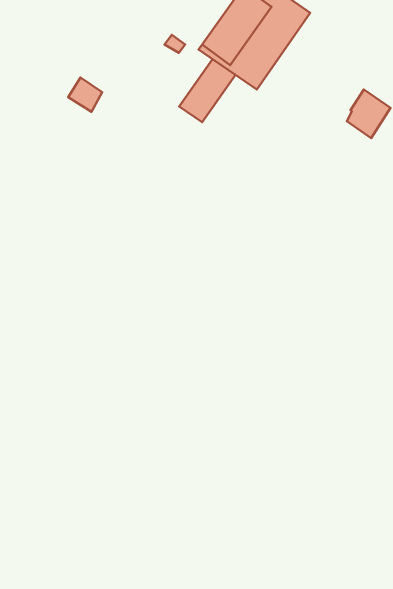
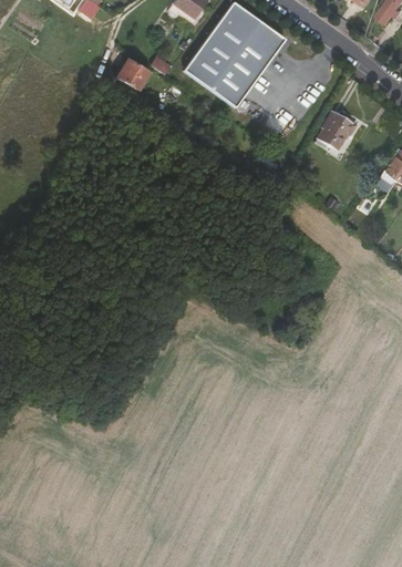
building: [179,59,236,122] -> none
building: [68,78,102,112] -> [116,58,147,89]

